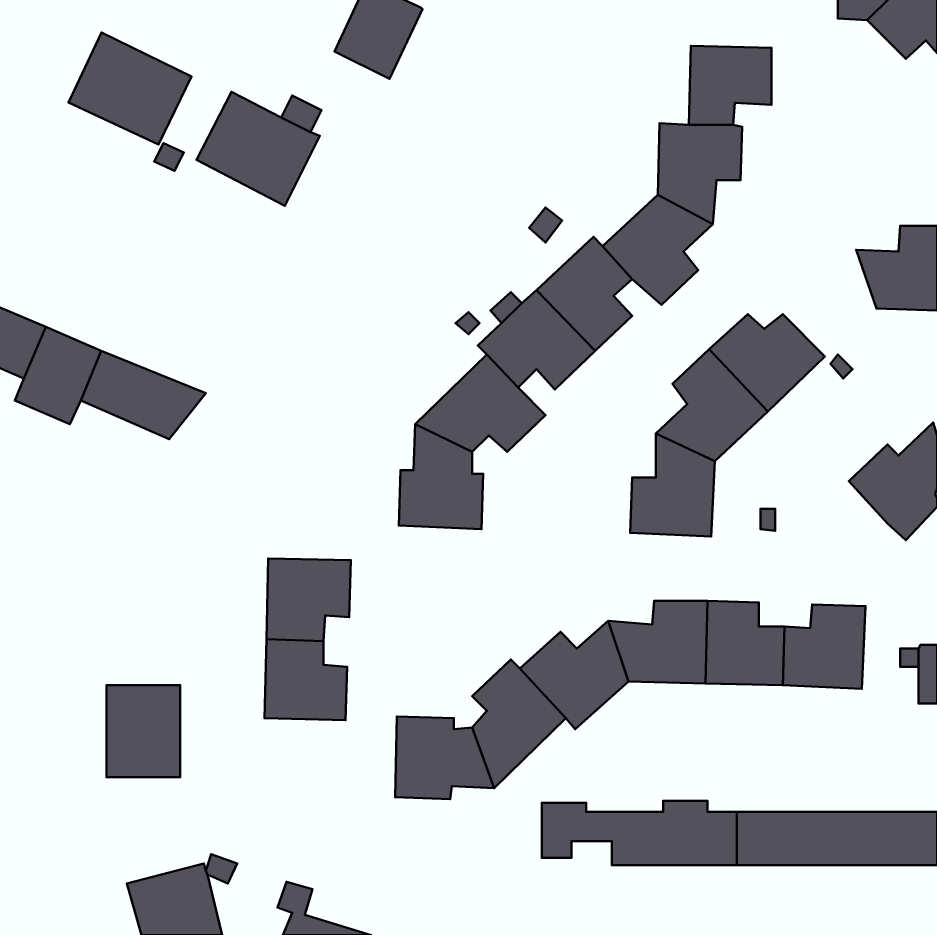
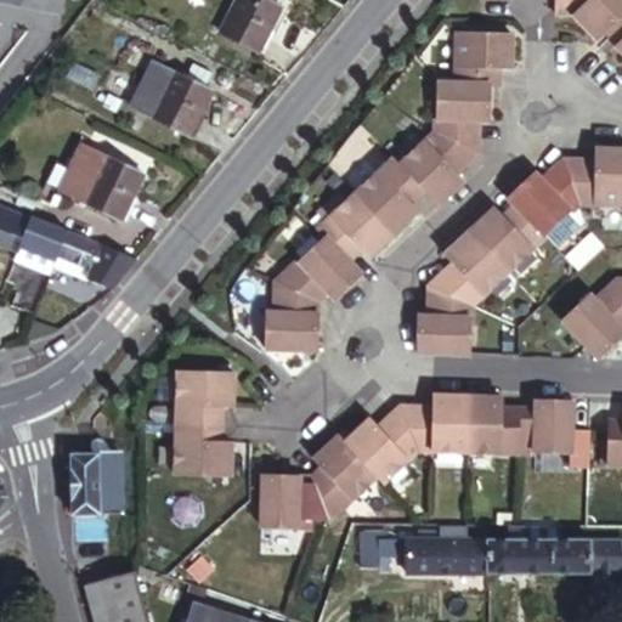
building: [68,33,192,145] -> [60,145,141,219]
building: none -> [507,165,579,236]

